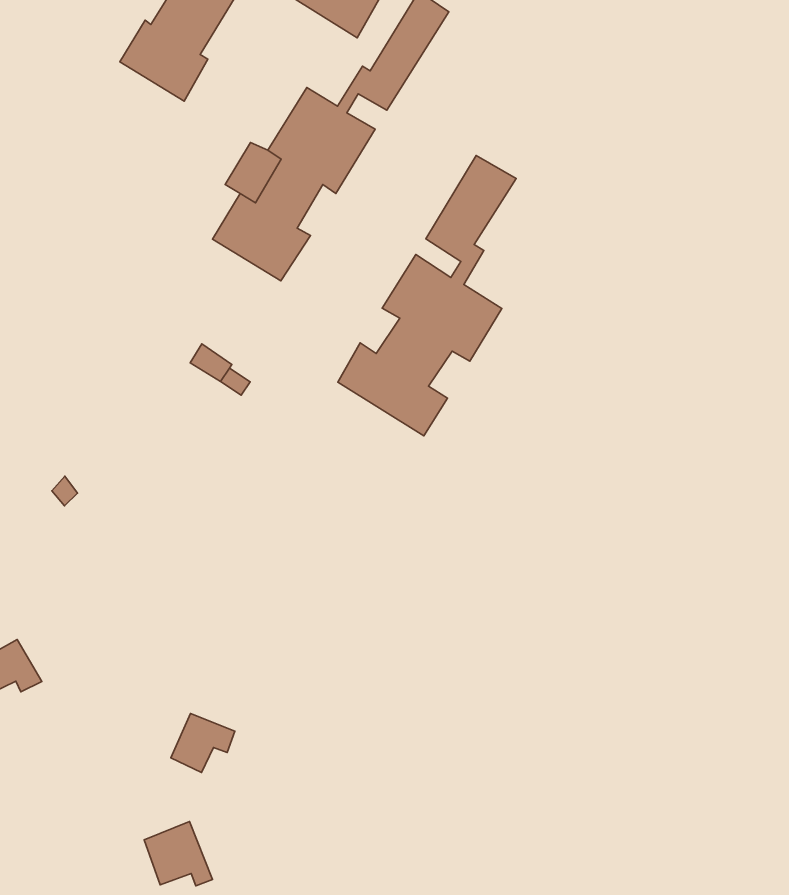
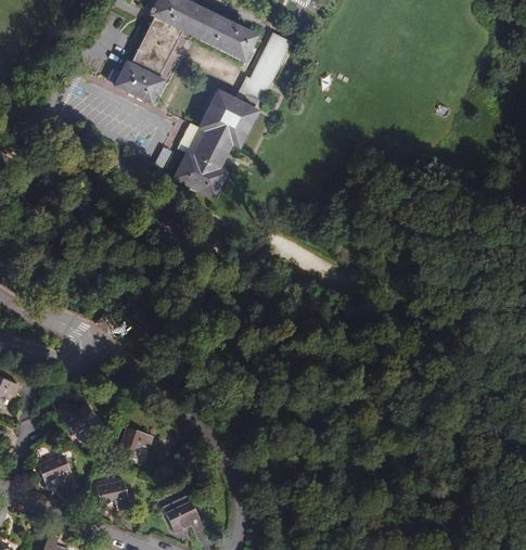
building: [338,155,516,436] -> none
building: [171,714,235,772] -> [118,426,152,458]
building: none -> [97,479,129,508]

